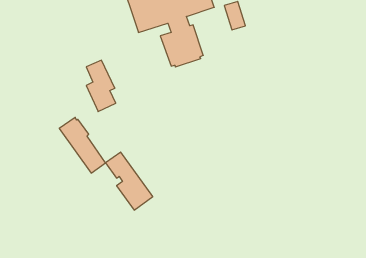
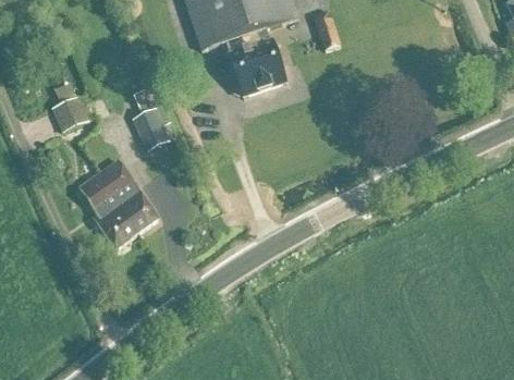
building: none -> [52,94,90,131]
building: [106,152,153,210] -> [79,172,140,247]

